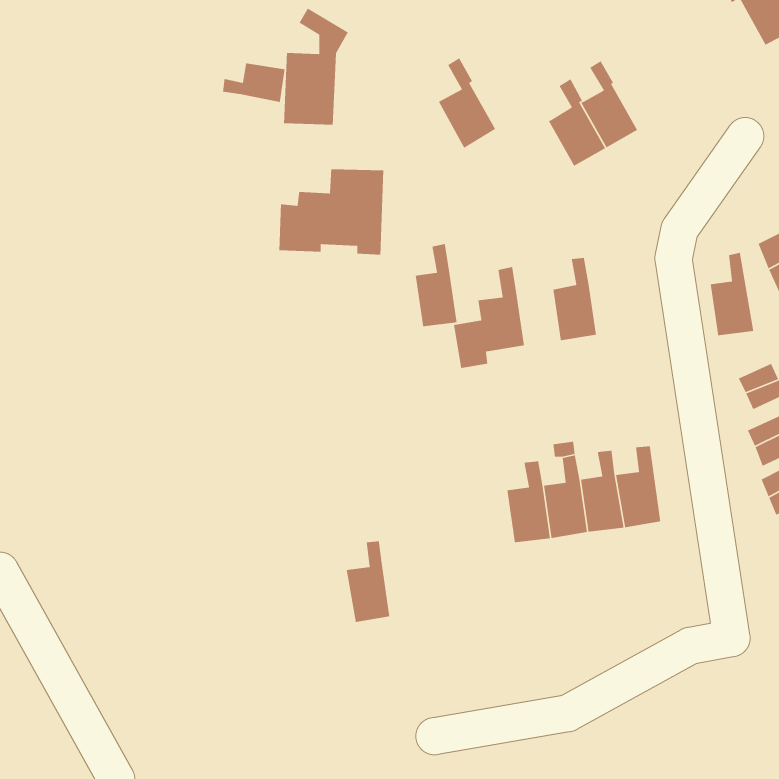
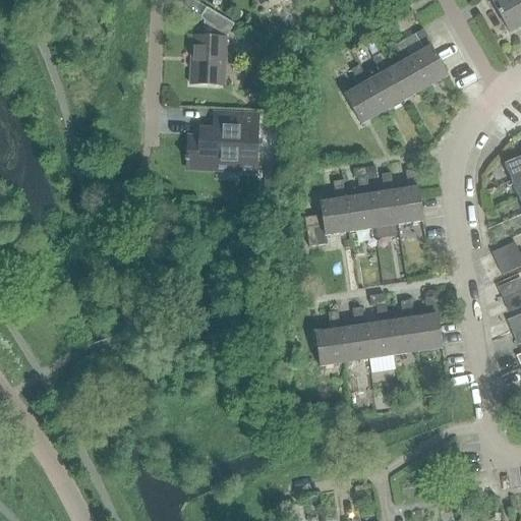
building: none -> [402,27,448,86]
building: [438,57,496,149] -> [345,63,384,124]
building: [222,62,285,103] -> none
building: [415,243,458,327] -> [346,174,374,230]
building: [710,252,754,336] -> [394,167,423,223]
building: [346,540,390,623] -> [314,310,344,365]

